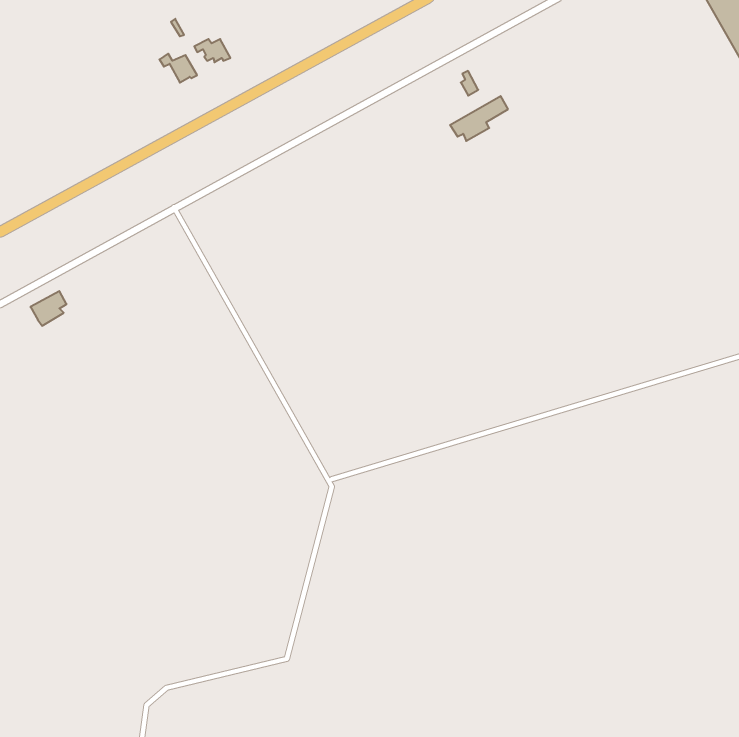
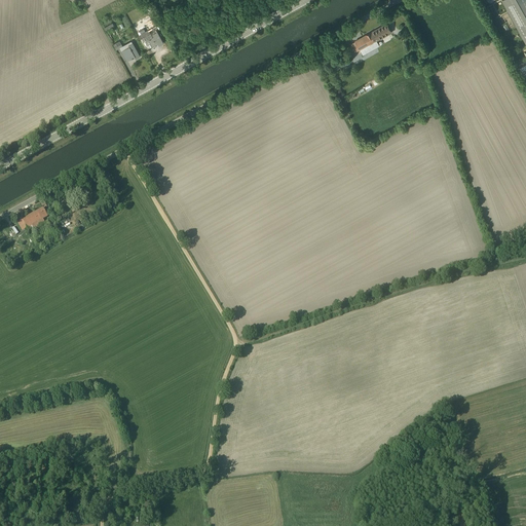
building: [450,96,508,141] -> [351,21,392,52]

